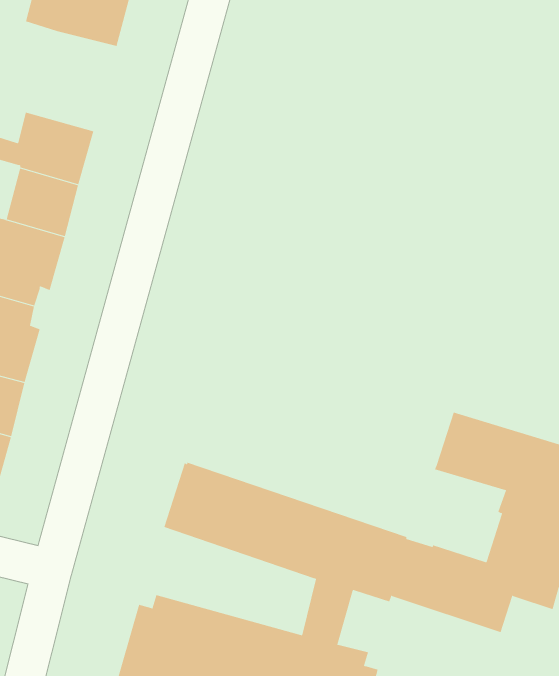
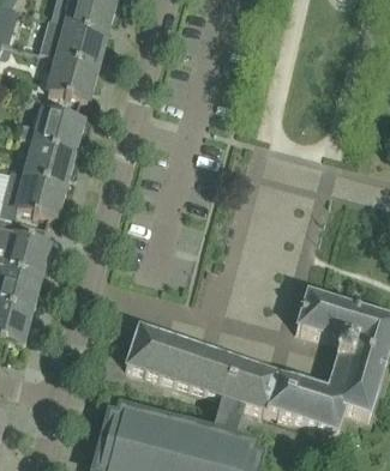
building: none -> [50,56,97,99]

